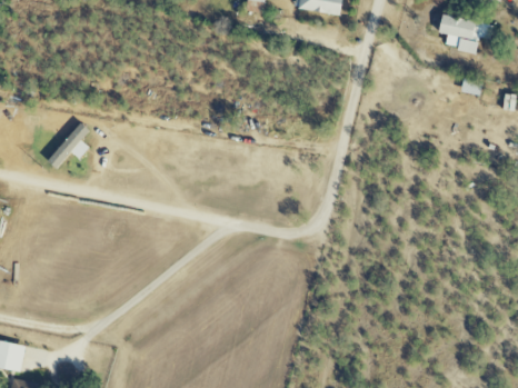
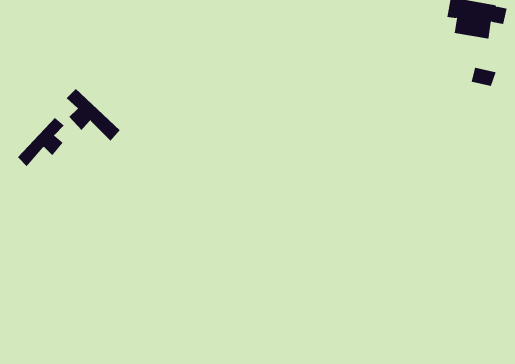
building: none -> [66,88,121,142]

